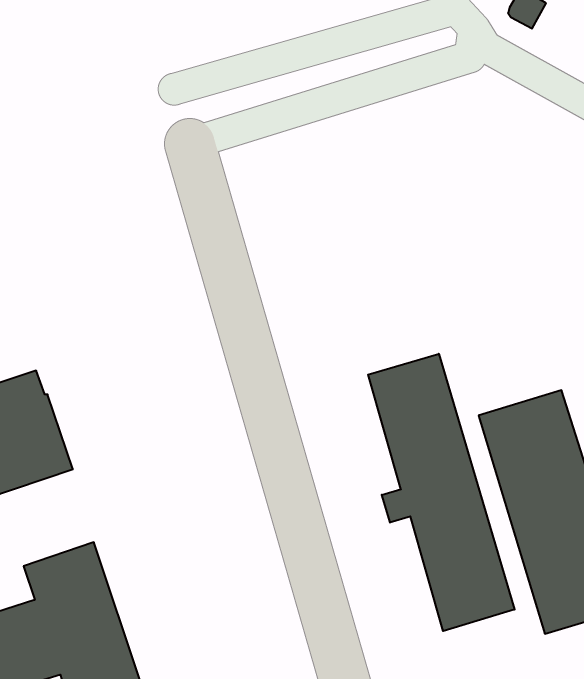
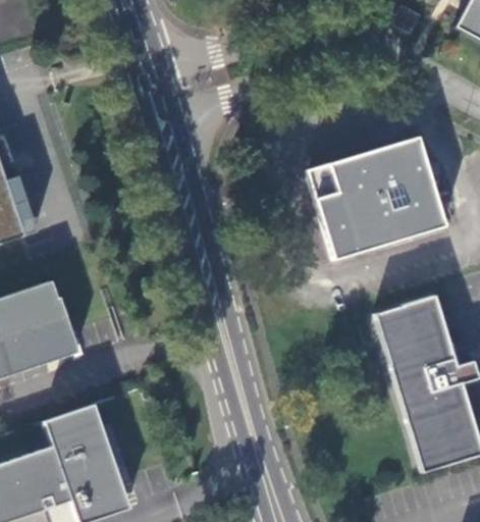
building: none -> [304,134,444,260]
building: [368,354,515,631] -> none

